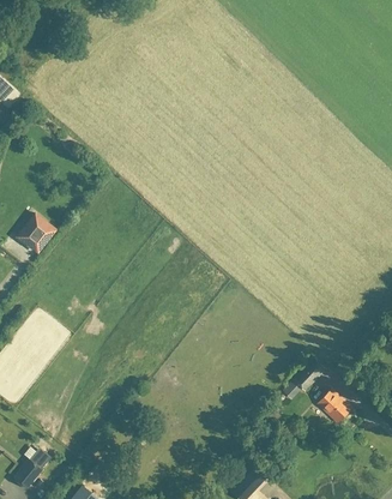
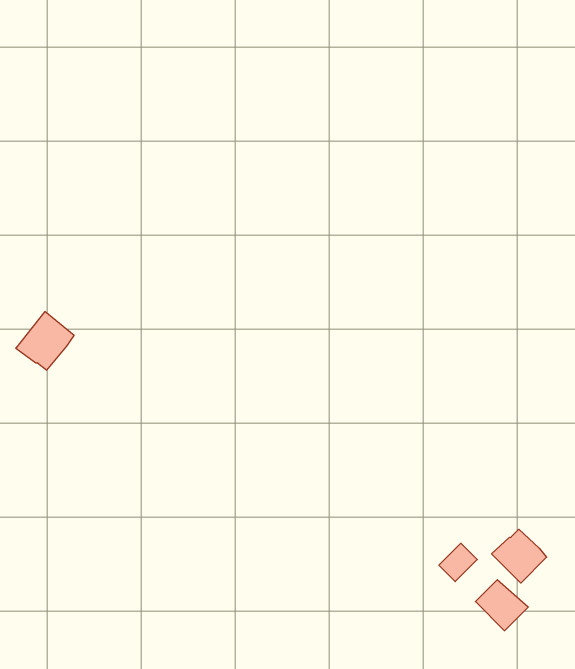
building: none -> [492,529,547,583]

